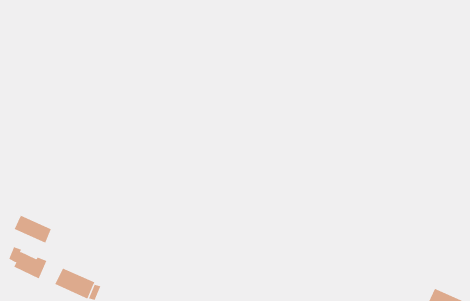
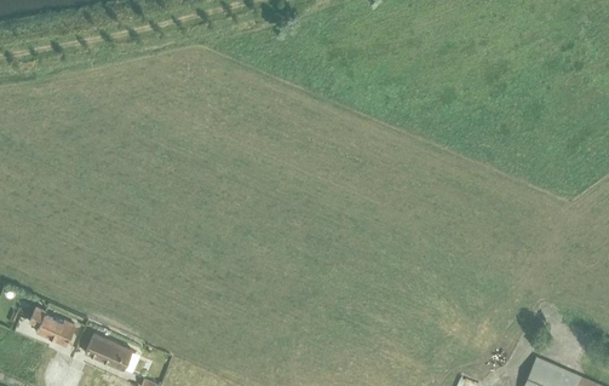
building: [13,215,51,244] -> none

